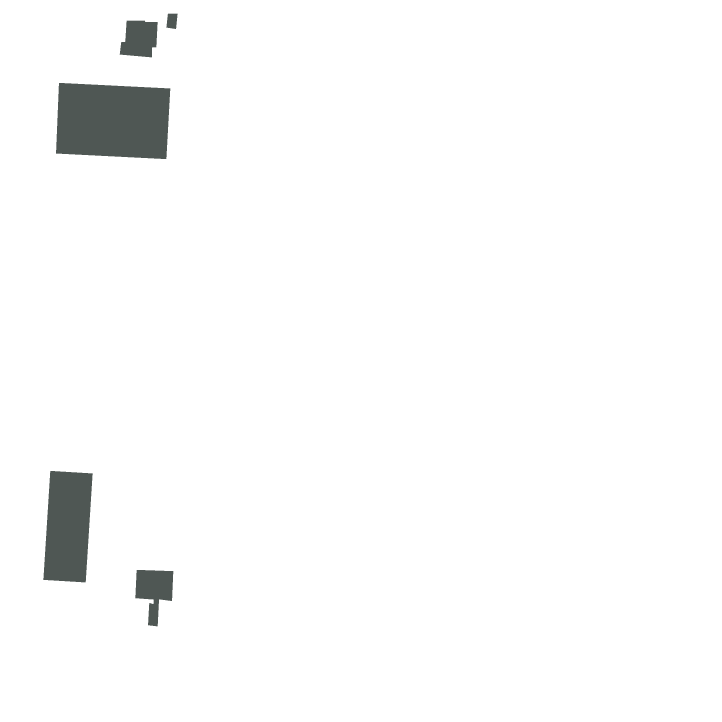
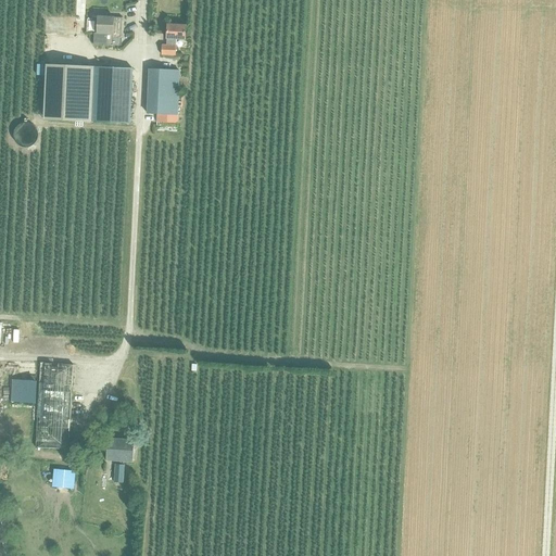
building: none -> [160,23,185,54]
building: none -> [146,68,178,122]
building: none -> [9,378,33,402]

